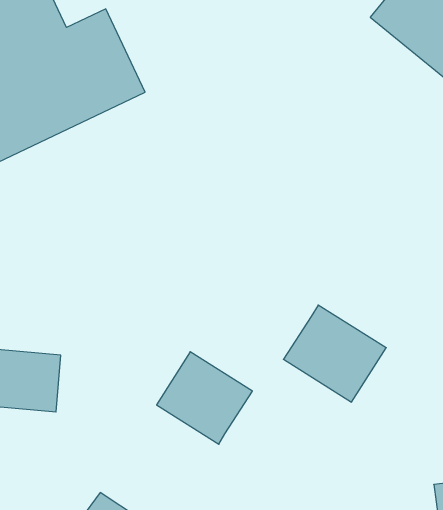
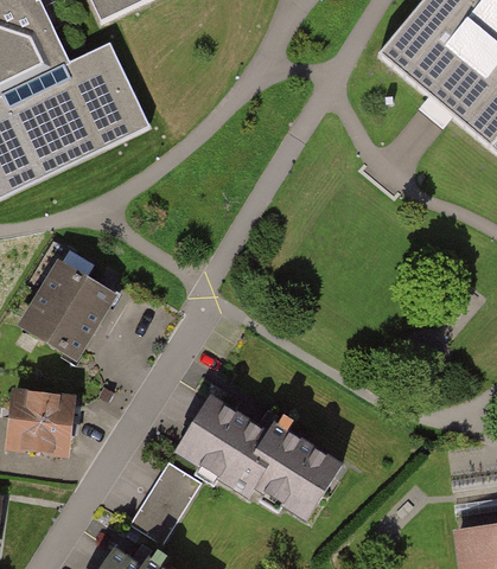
building: none -> [9,261,104,358]
building: [283,305,386,402] -> [234,421,339,520]
building: none -> [127,459,203,544]

